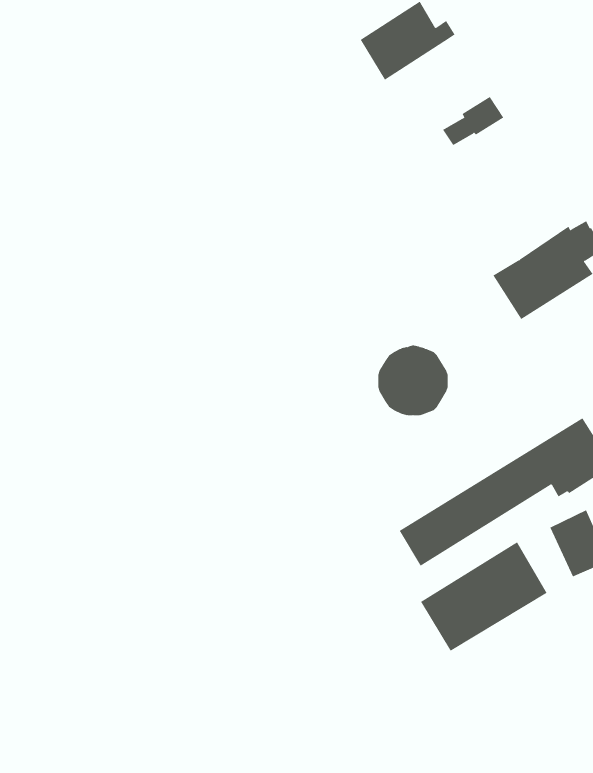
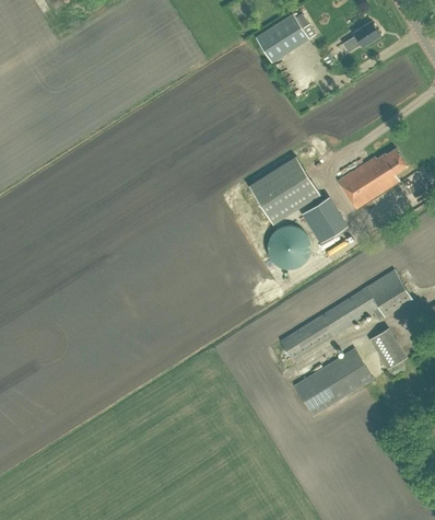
building: [442,96,504,146] -> [342,21,380,51]
building: none -> [249,155,319,223]
building: none -> [307,197,352,242]

